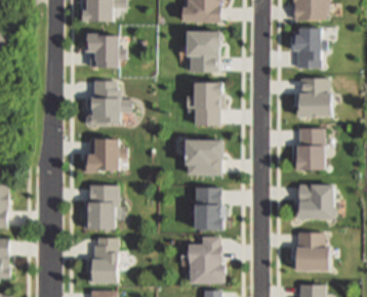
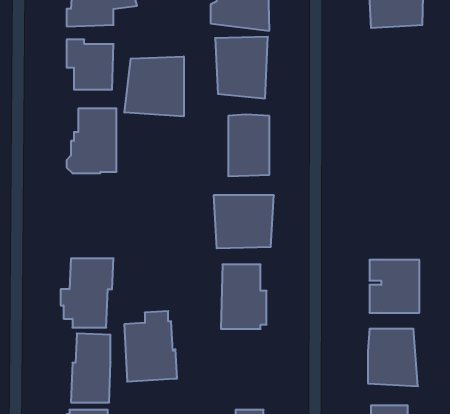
building: [294,27,324,67] -> none
building: none -> [124,56,184,116]
building: [298,78,331,118] -> none
building: [299,128,328,173] -> none
building: [83,137,124,175] -> none
building: [186,236,222,285] -> [124,311,177,382]

